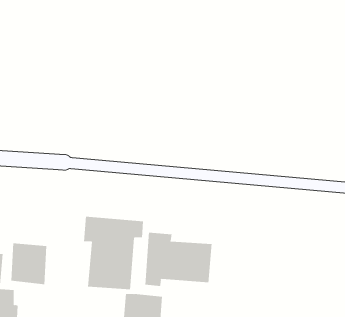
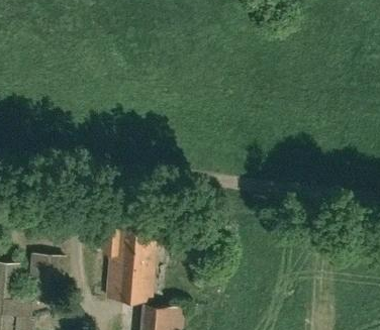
building: [145,232,212,287] -> none

